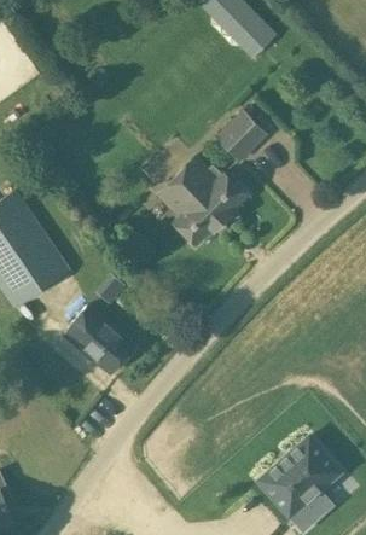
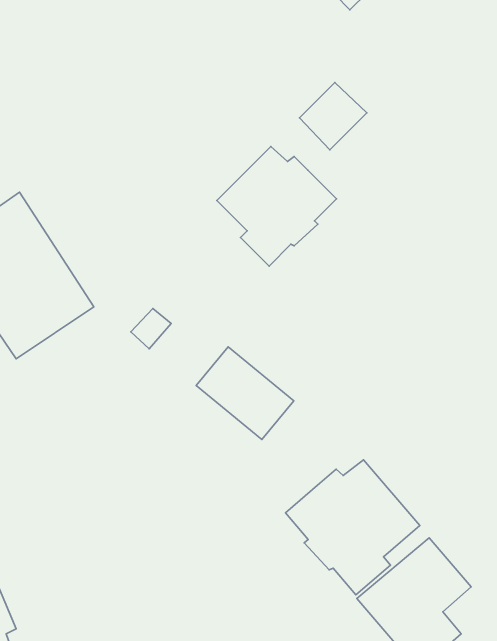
building: [65,307,135,373] -> [196,347,294,440]
building: none -> [285,460,420,595]

